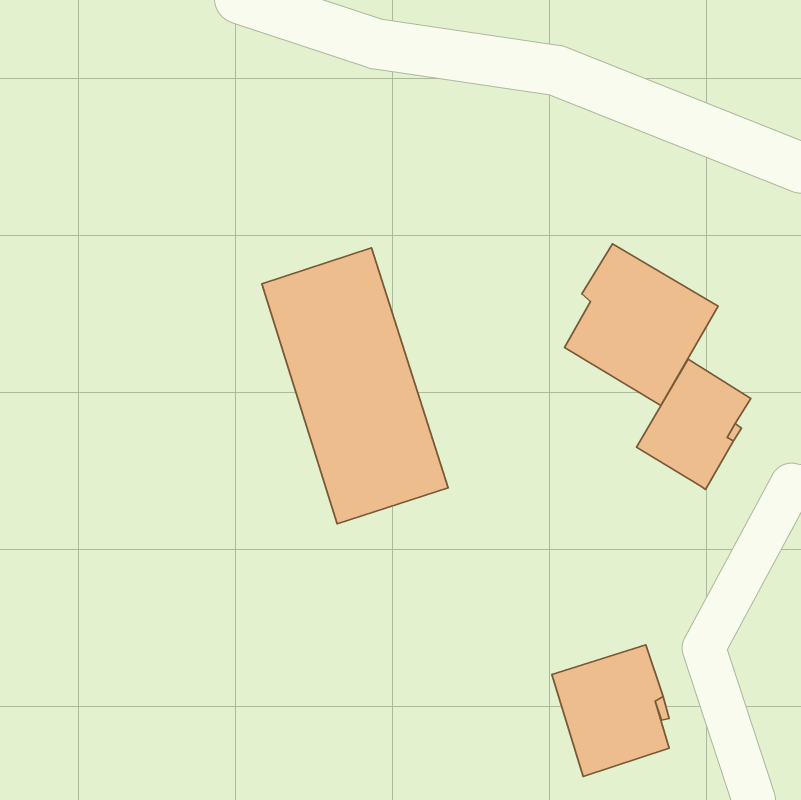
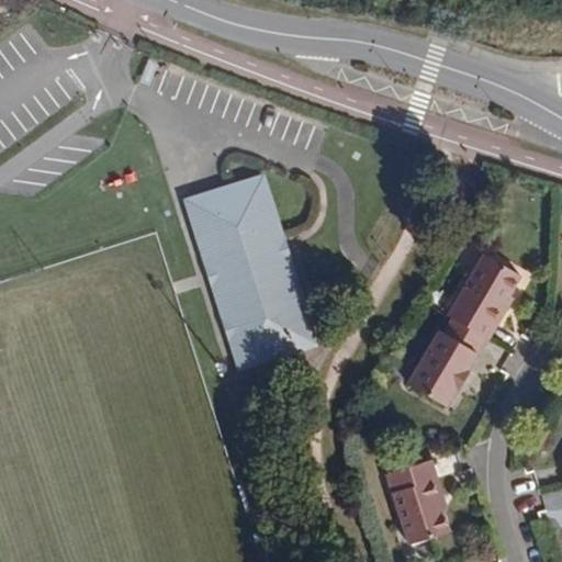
building: [564,244,718,405] -> none
building: none -> [405,316,491,407]

